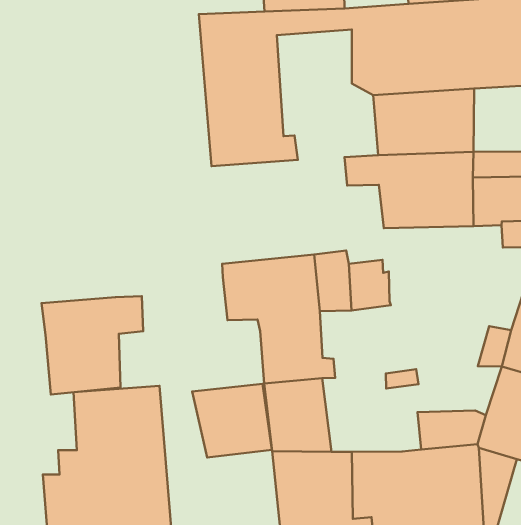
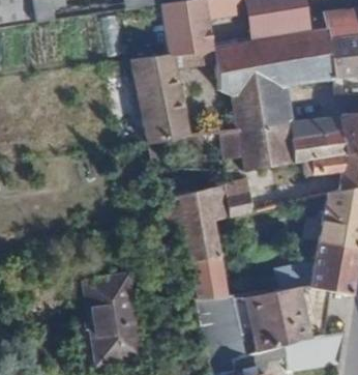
building: [41,296,143,394] -> none
building: [192,384,272,458] -> none

